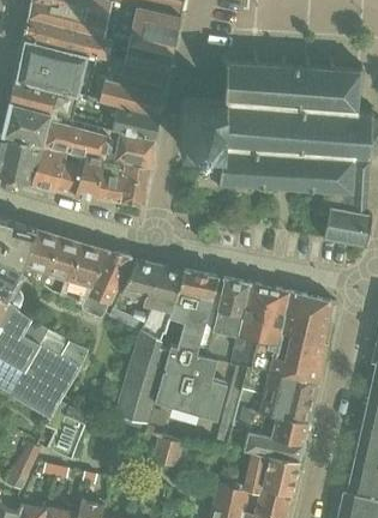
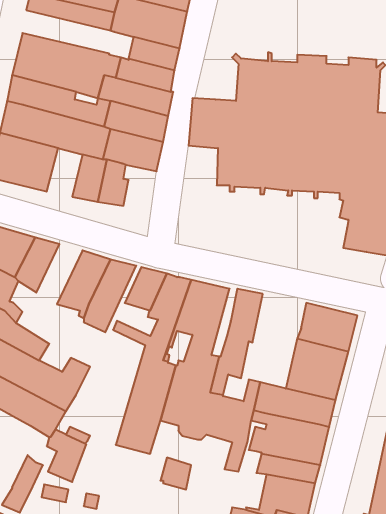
building: [24,18,110,59] -> none
building: [47,147,80,193] -> none
building: [119,163,150,206] -> none
building: [37,237,80,294] -> none
building: [229,284,290,373] -> none

